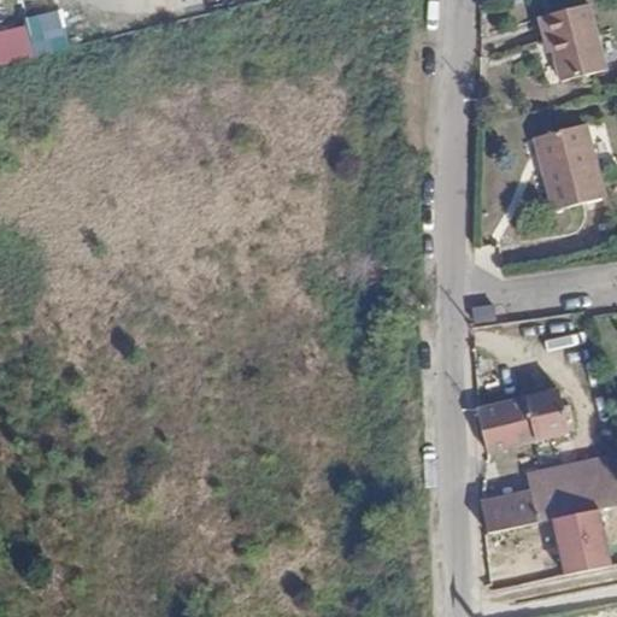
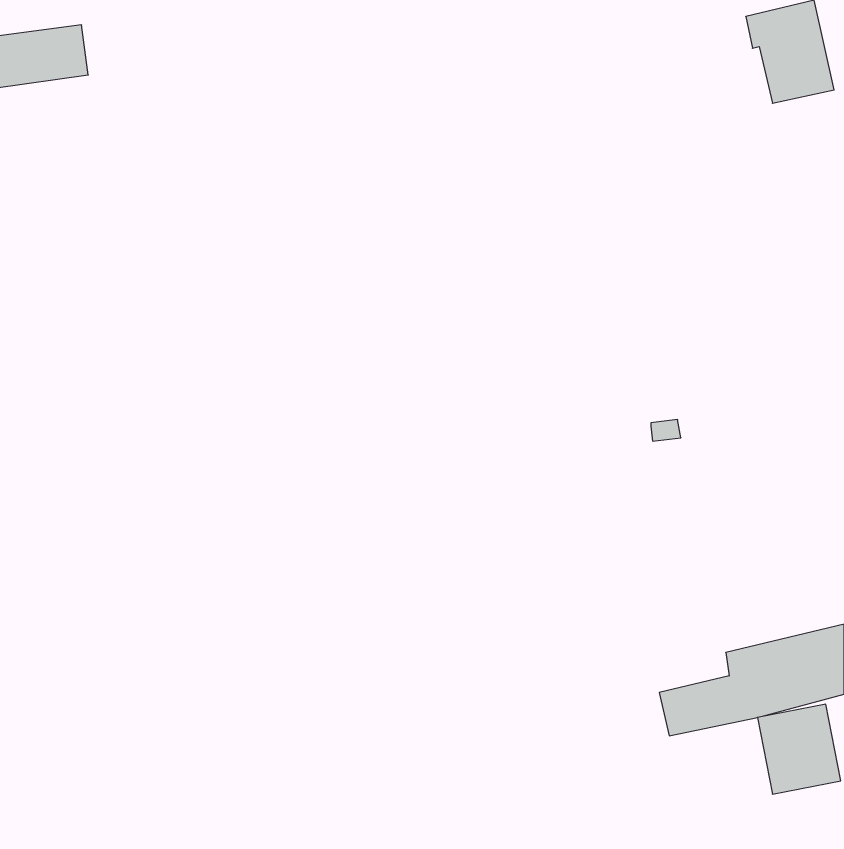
building: [539,123,601,206] -> none
building: [474,389,564,452] -> none

